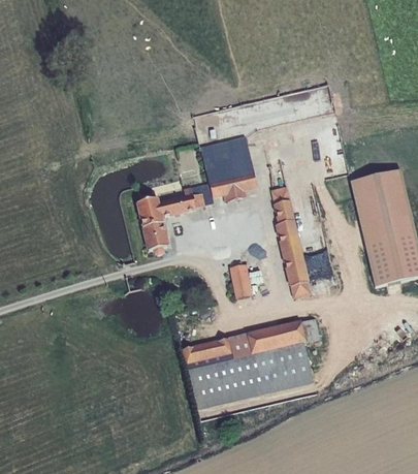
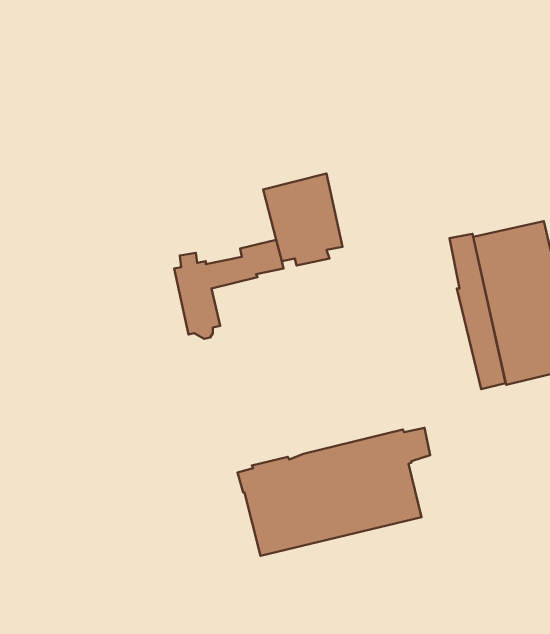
building: [270,186,311,297] -> [450,234,506,389]
building: [229,263,253,298] -> none

